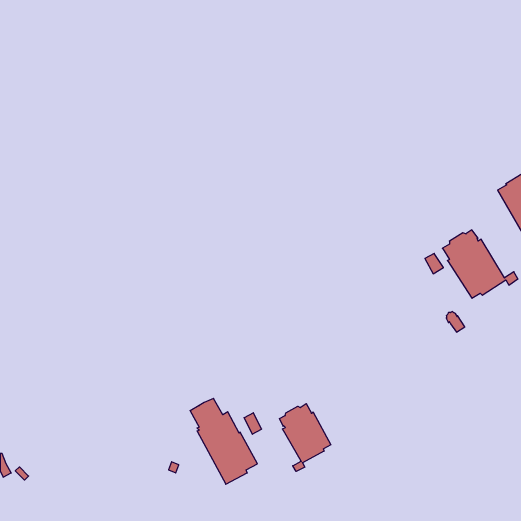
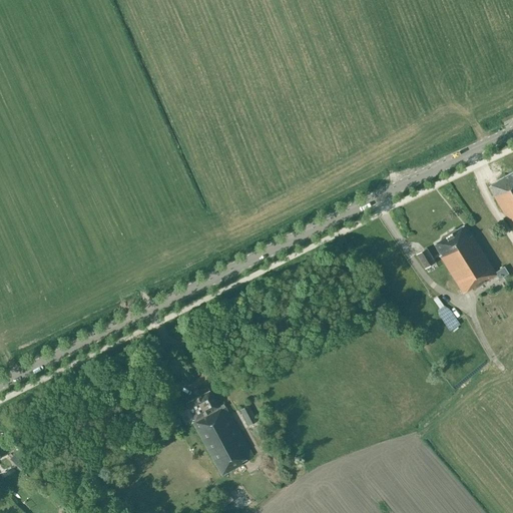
building: [280,404,331,471] -> none

